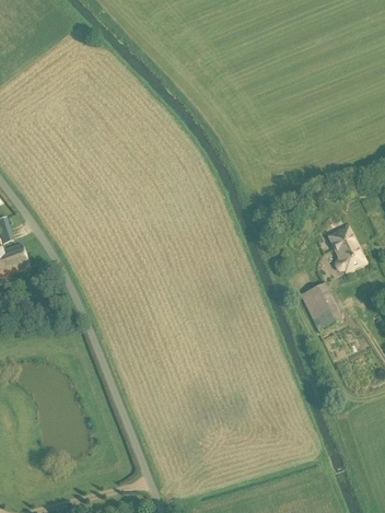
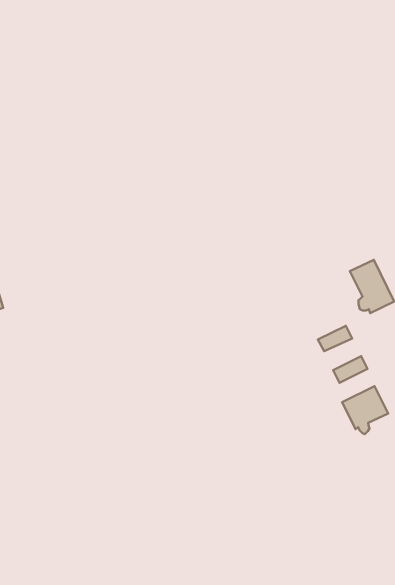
building: none -> [342,386,388,434]

